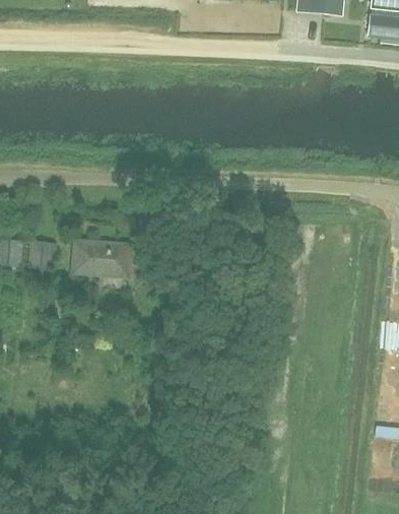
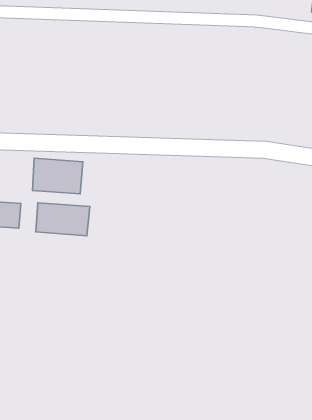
building: none -> [33,158,83,194]

